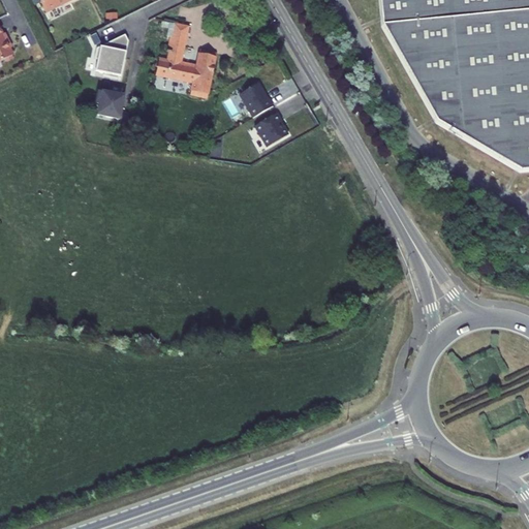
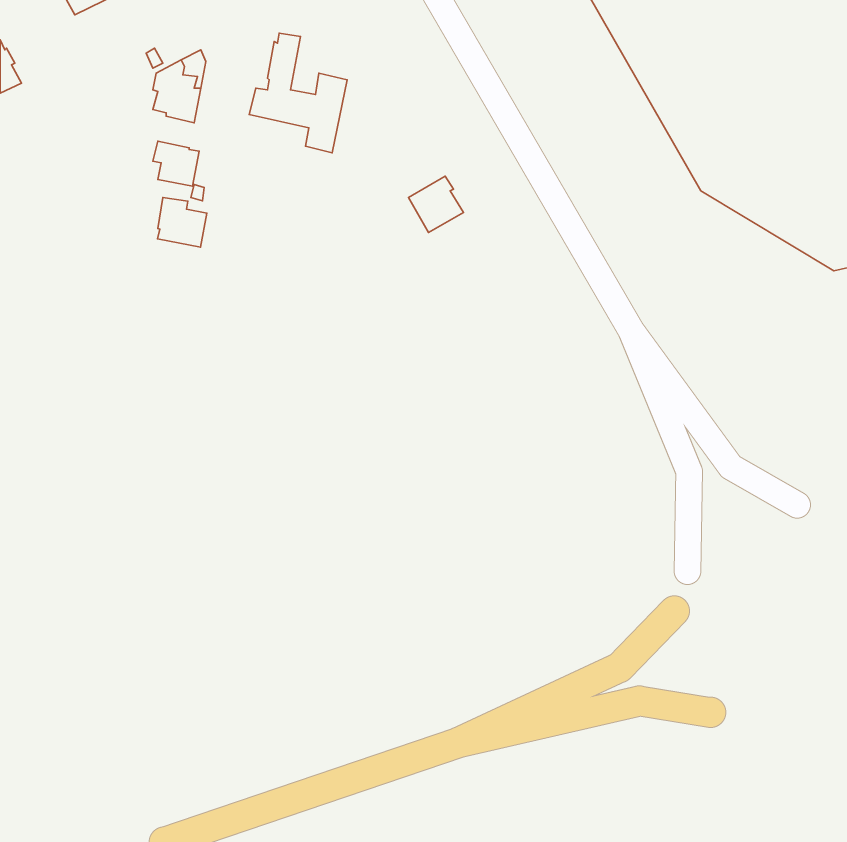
building: [241,81,274,115] -> none
building: none -> [158,198,207,247]

